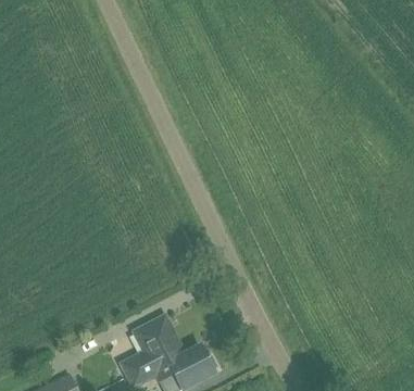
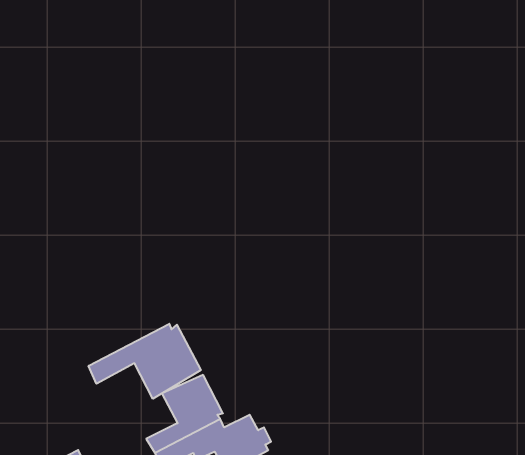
building: none -> [89,324,201,399]

